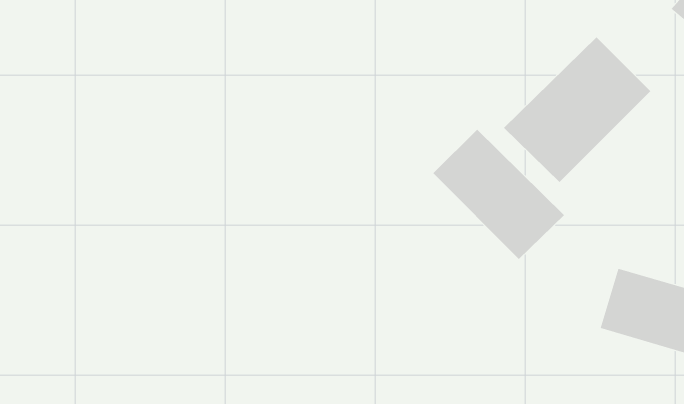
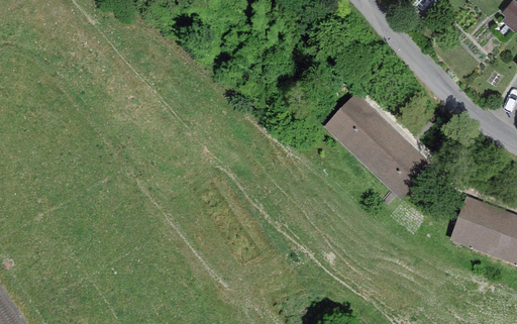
building: [503,36,651,183] -> none

